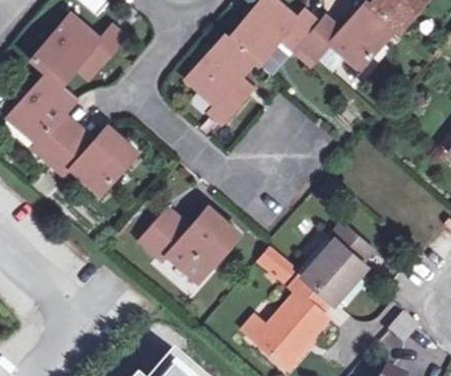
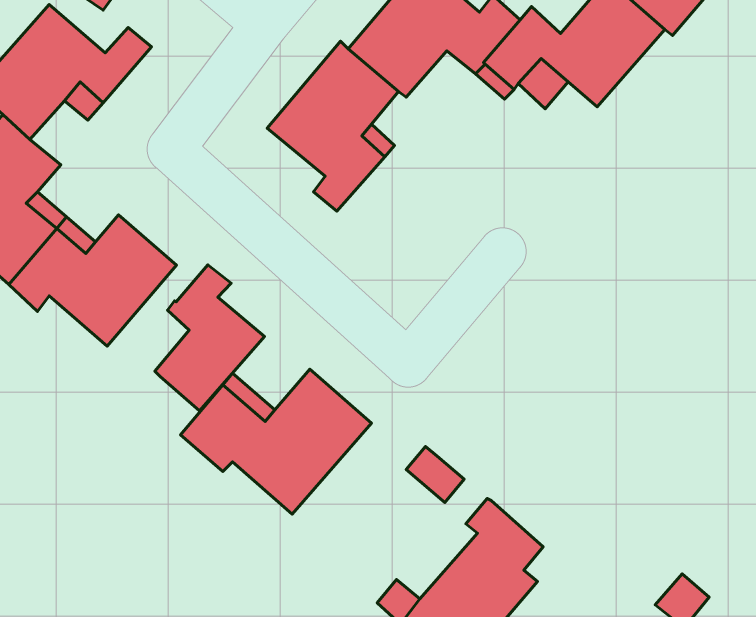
building: none -> [155,265,264,411]
building: [303,224,371,303] -> none

